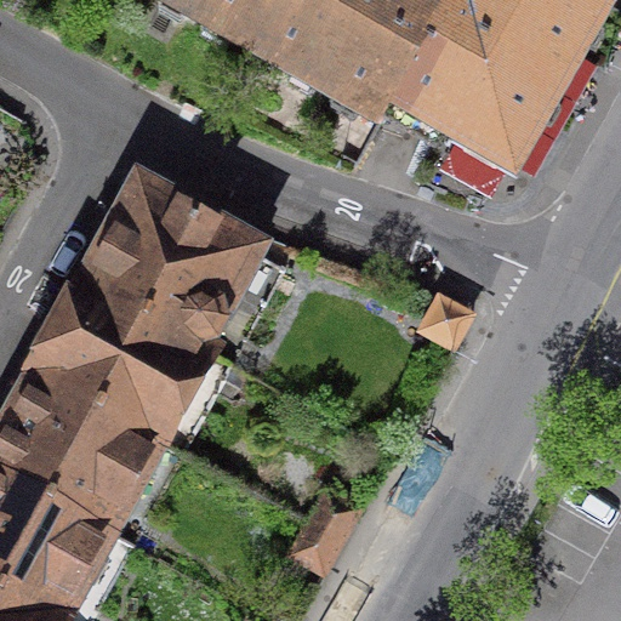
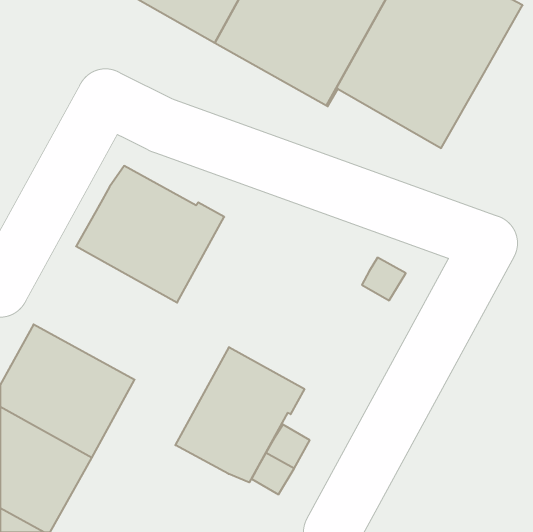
building: [39,286,206,441] -> none
building: none -> [175,347,304,482]

